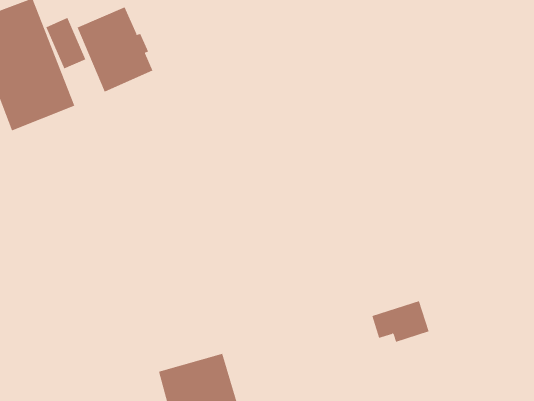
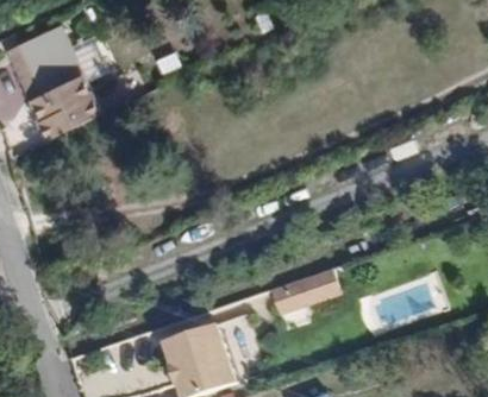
building: [77,7,153,92] -> none
building: [372,300,429,343] -> [283,269,332,304]

